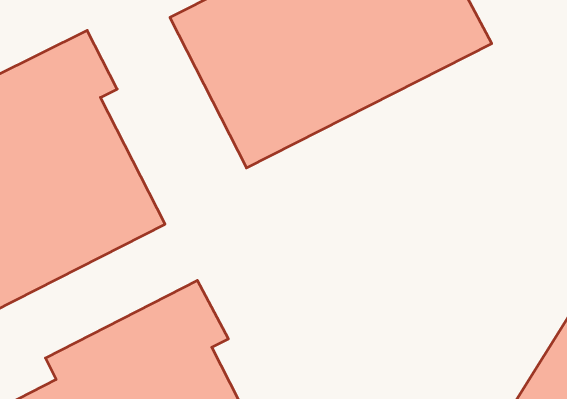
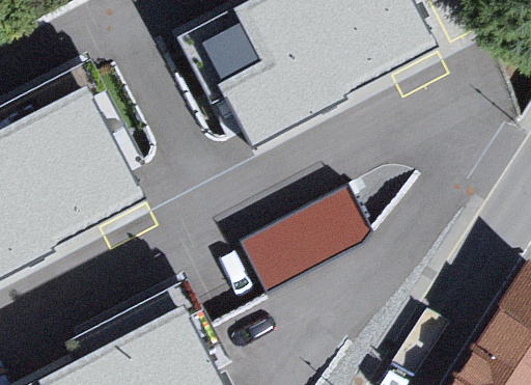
building: none -> [243,188,373,291]

